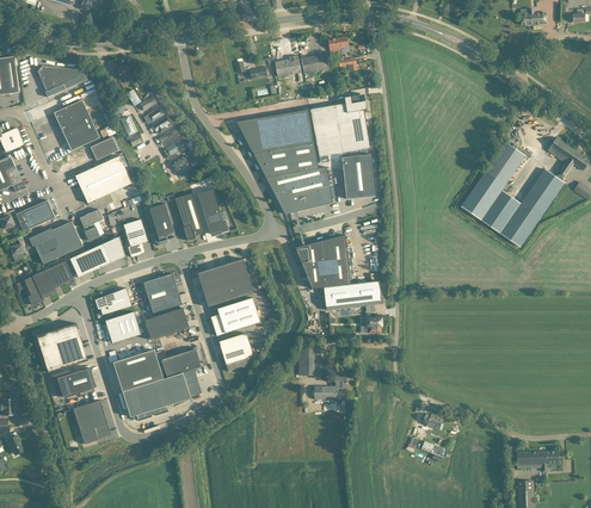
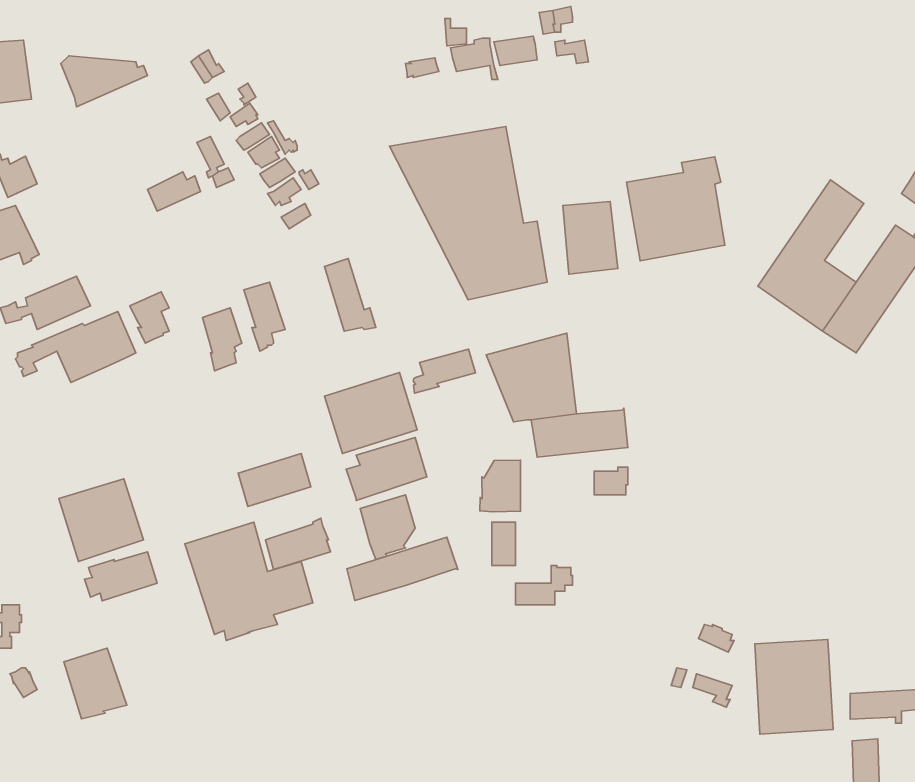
building: [309,93,369,156] -> [626,157,725,261]
building: [54,99,99,150] -> none
building: [74,155,131,203] -> none
building: [174,192,204,240] -> none
building: [69,236,124,277] -> none
building: none -> [413,349,476,393]
building: [24,260,73,304] -> none
building: [143,272,181,312] -> none
building: [94,286,131,315] -> none
building: none -> [480,460,521,512]
building: [101,311,140,342] -> none
building: none -> [347,537,458,601]
building: [73,399,111,442] -> [64,648,127,719]
building: none -> [755,639,833,734]

